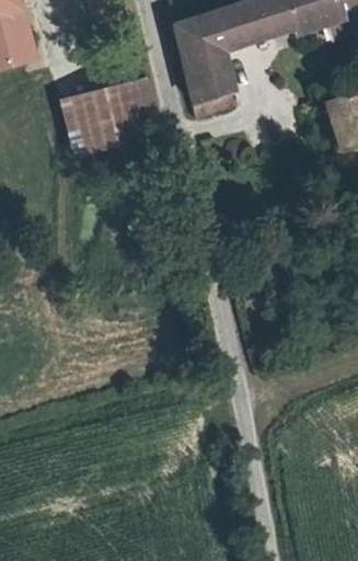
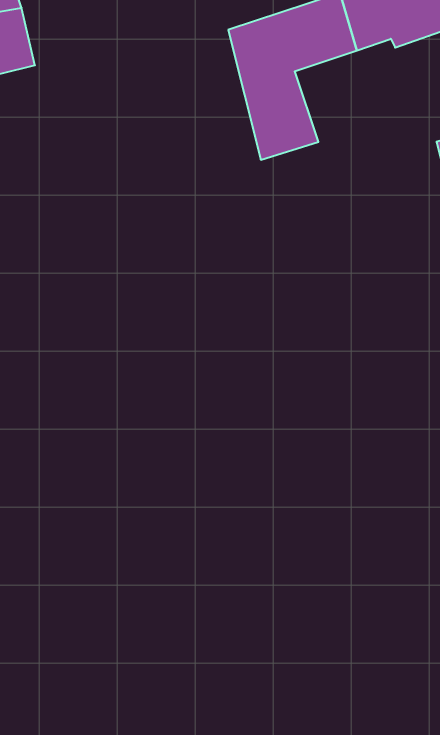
building: [72,76,164,149] -> none

